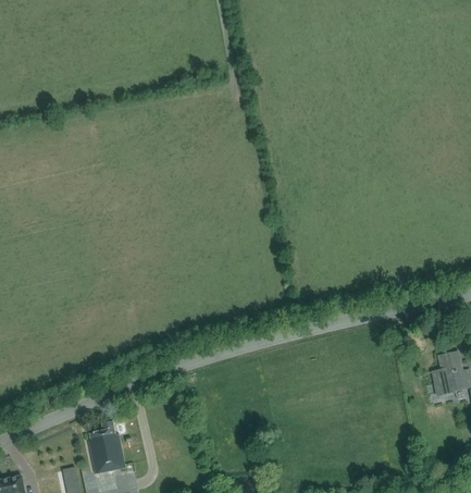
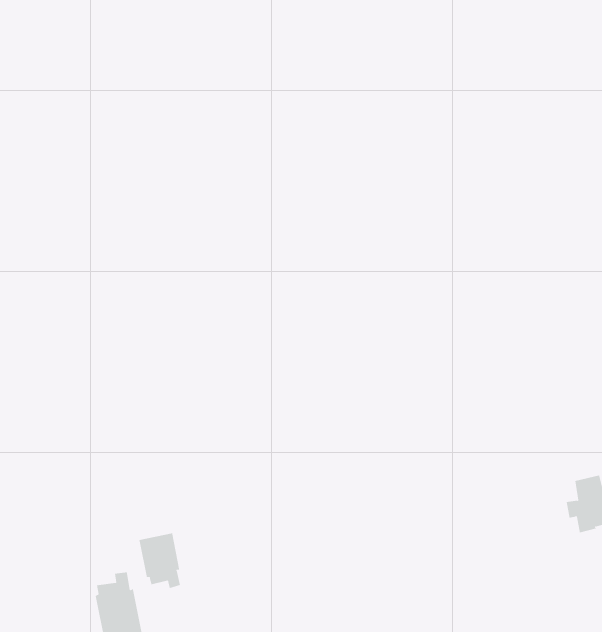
building: none -> [139,532,181,589]

